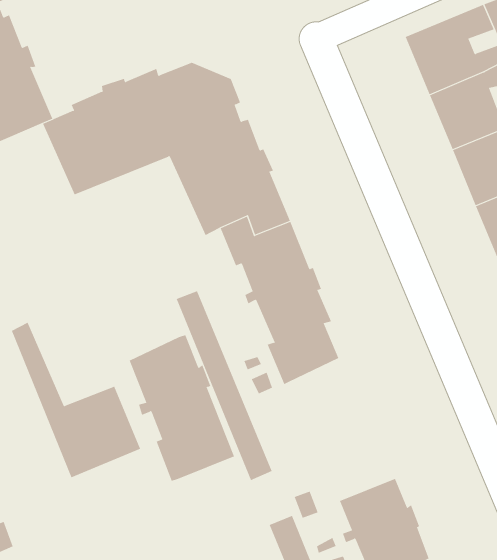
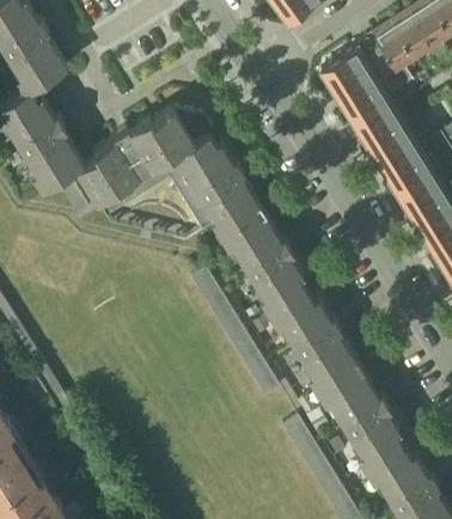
building: [11,322,141,478] -> none
building: [129,334,235,481] -> [280,299,366,404]

